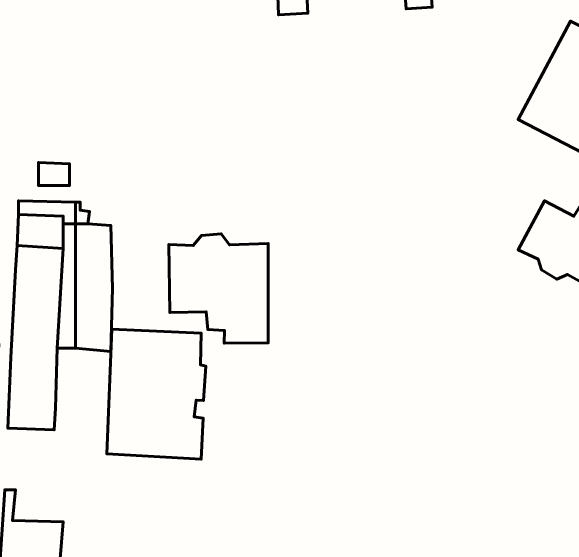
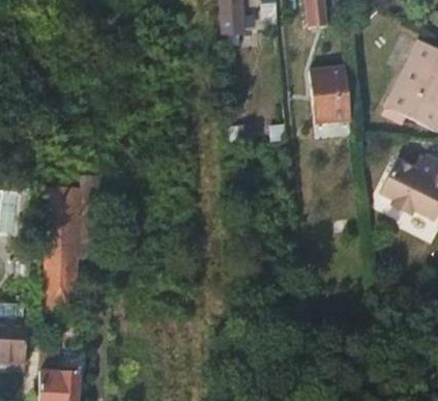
building: none -> [308,69,349,125]
building: [169,234,268,343] -> none
building: [107,329,206,459] -> none

